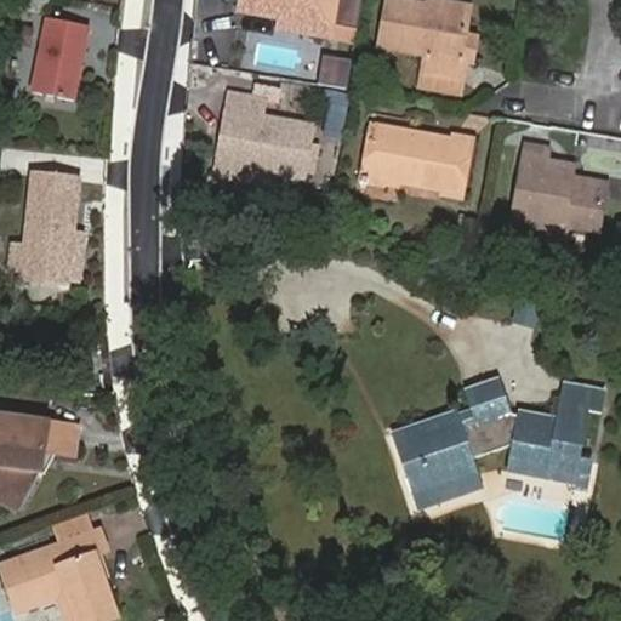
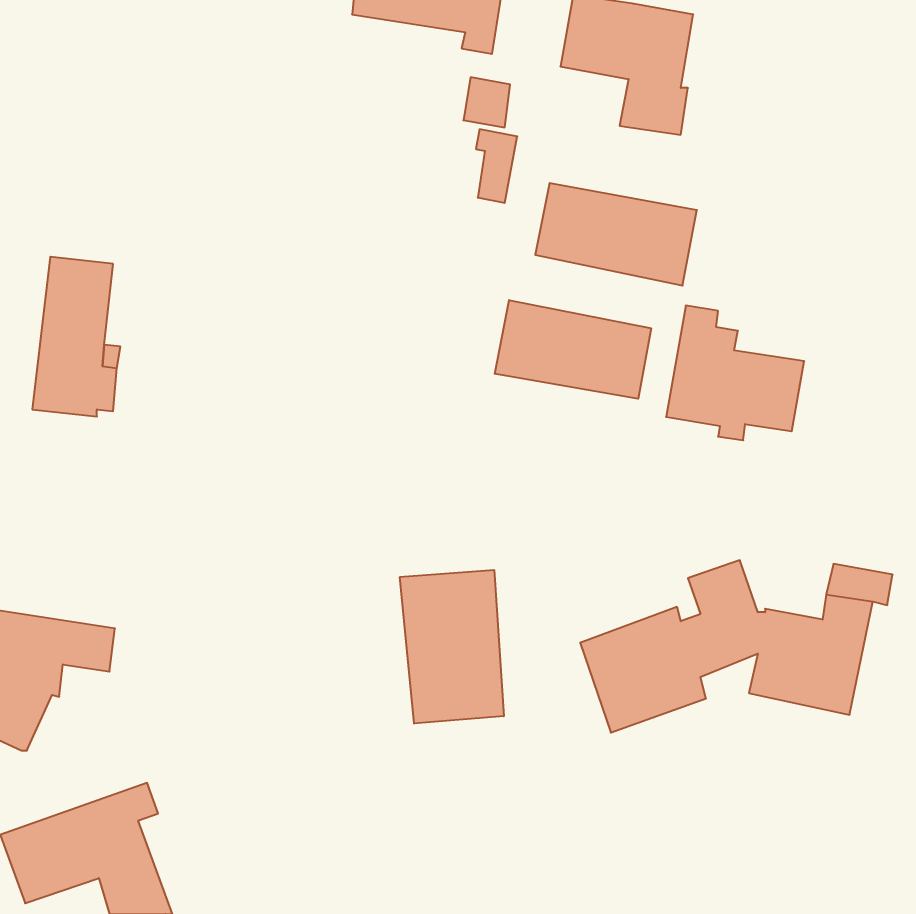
building: [32,17,89,98] -> none
building: [216,86,310,178] -> none
building: [512,144,605,235] -> [666,306,804,440]
building: none -> [495,300,651,399]
building: none -> [400,570,504,724]

